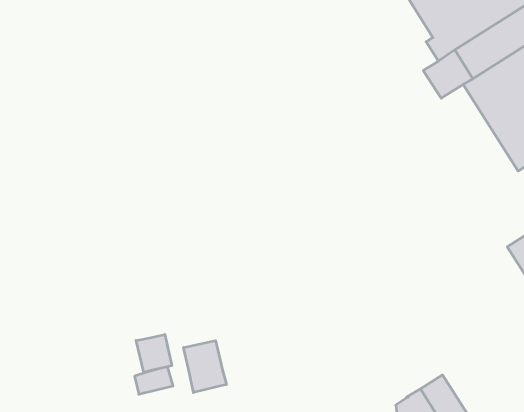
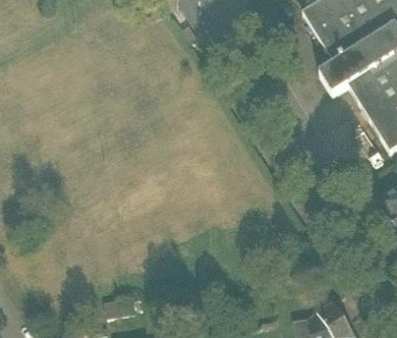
building: [136,334,172,373] -> none
building: [184,341,226,393] -> none

